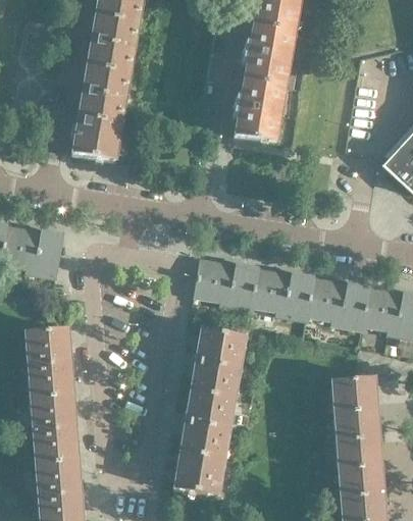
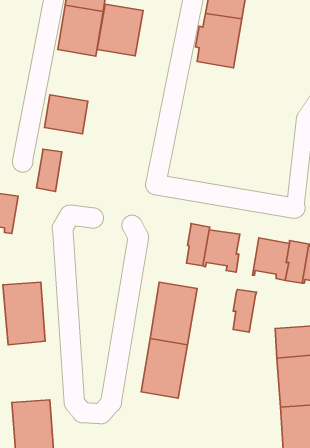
building: [78,66,130,124] -> [97,4,143,56]
building: [233,80,285,143] -> none
building: [35,229,63,277] -> [37,149,62,192]
building: [194,259,237,307] -> none
building: [288,272,314,320] -> [233,290,257,332]
building: [31,395,78,464] -> none
building: [174,452,222,496] -> none

